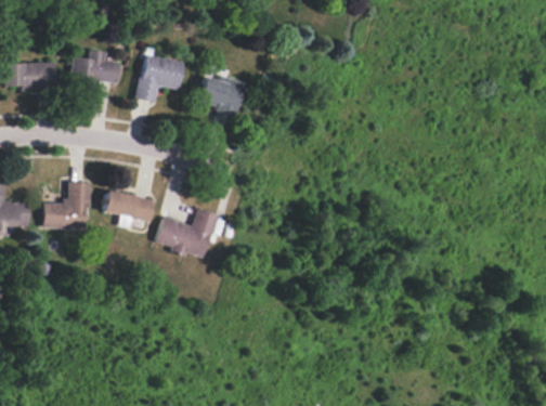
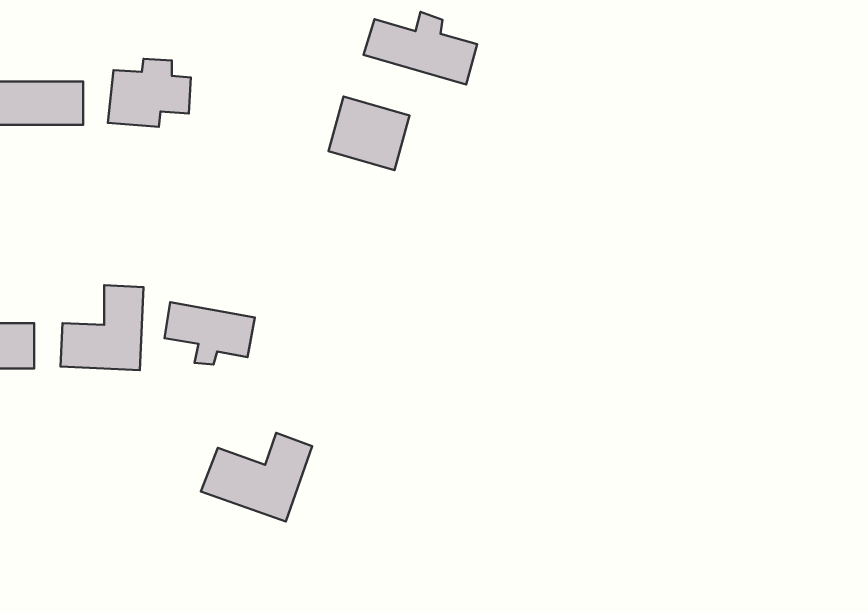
building: none -> [363,12,477,84]
building: [138,53,184,101] -> none
building: [155,207,219,258] -> [201,433,312,522]

